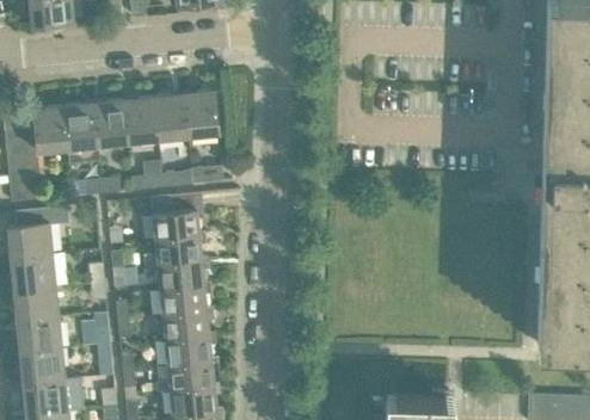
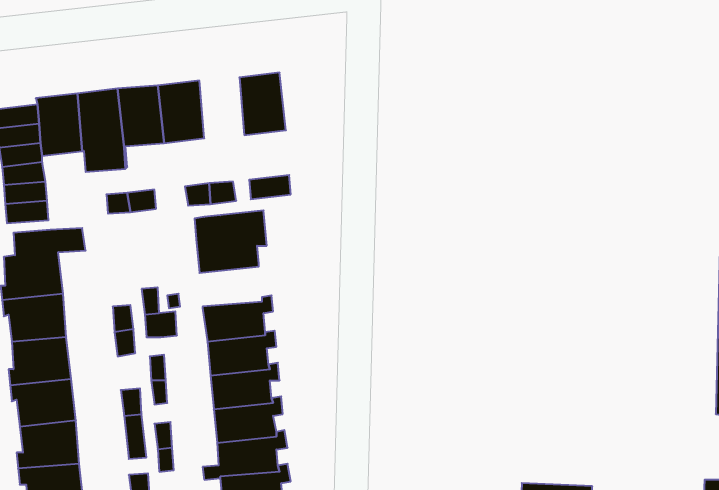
building: [154,93,188,138] -> none
building: [142,230,207,267] -> none

